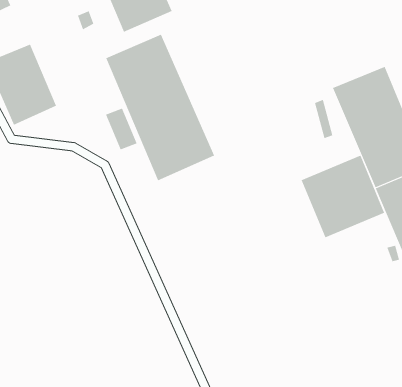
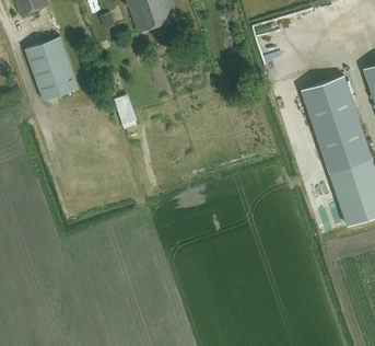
building: [105,34,215,181] -> none
building: [301,155,385,238] -> none

